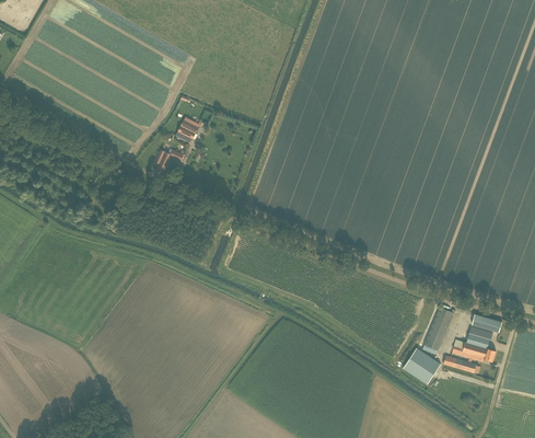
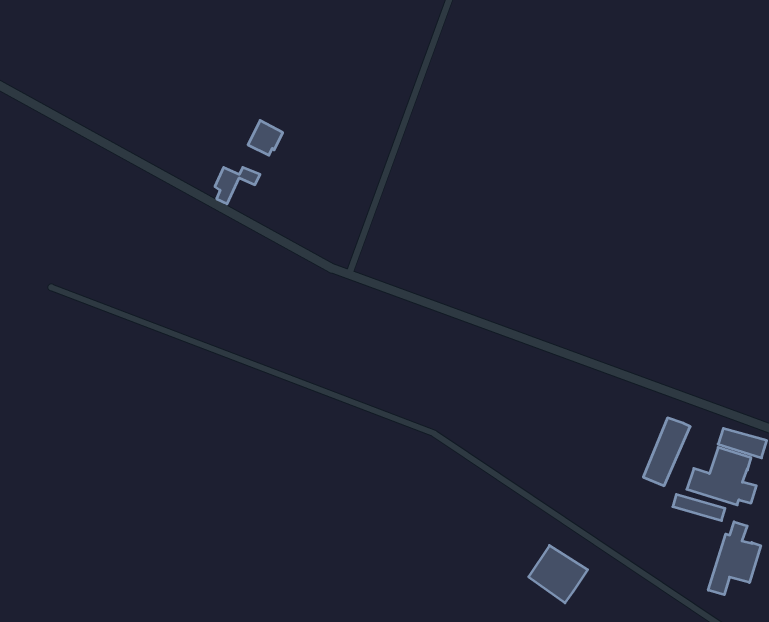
building: [404,347,441,383] -> [529,545,588,603]
building: none -> [708,522,761,595]

